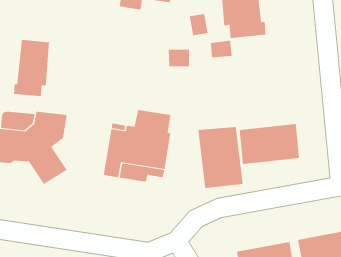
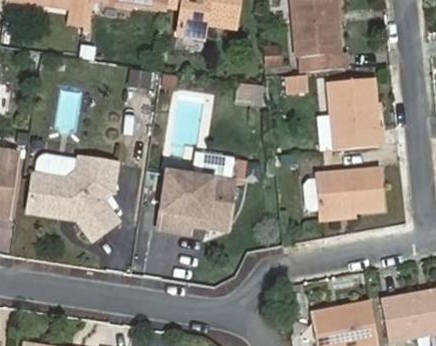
building: [13,39,50,97] -> none
building: [197,126,244,189] -> [327,79,379,149]

